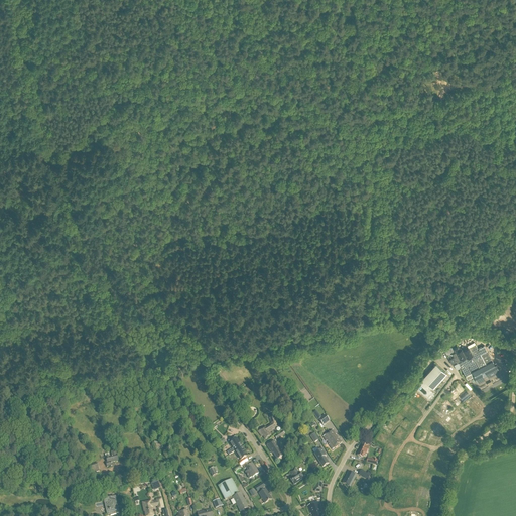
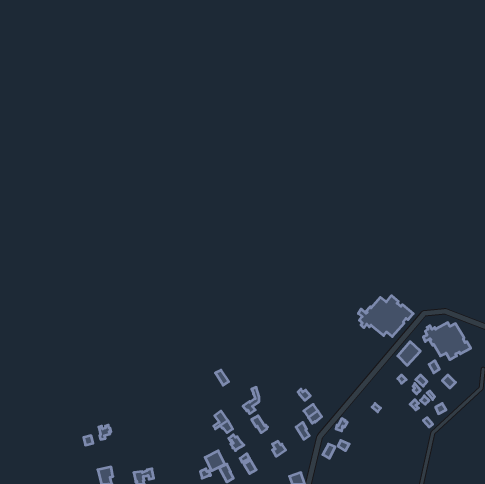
building: none -> [358,296,413,337]

